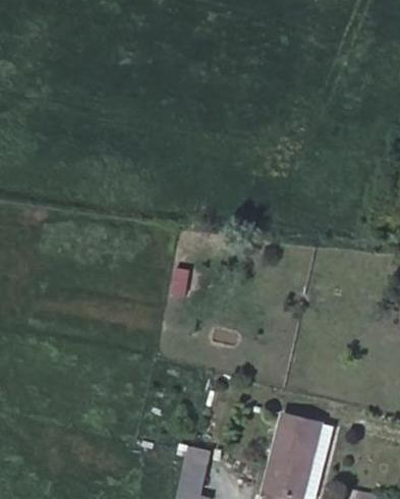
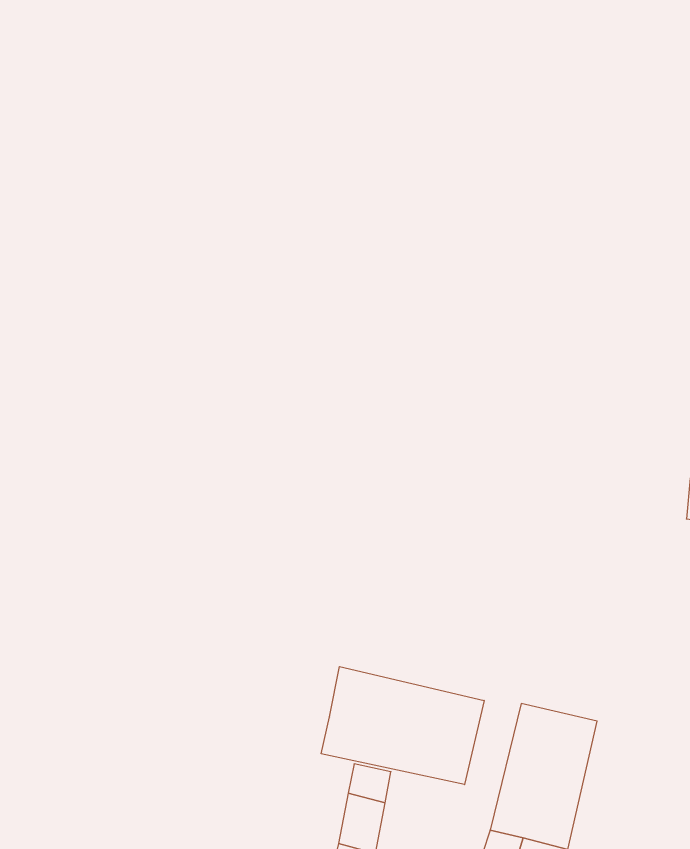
building: none -> [321,667,484,785]

